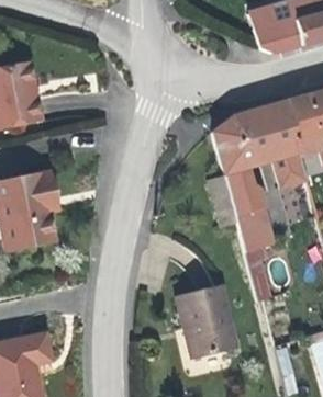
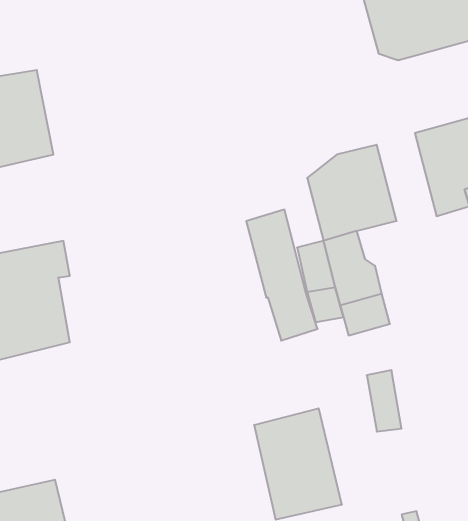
building: [259,101,307,188] -> [246,210,318,341]

